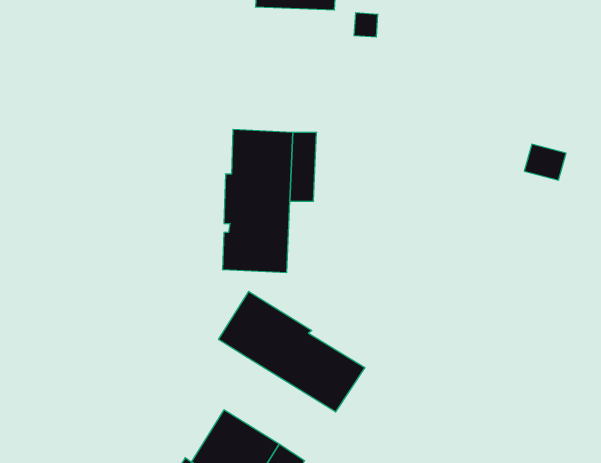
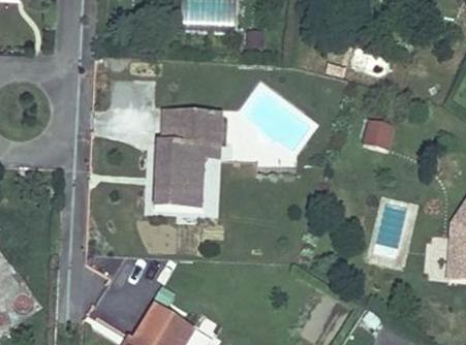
building: [219,291,365,412] -> none

